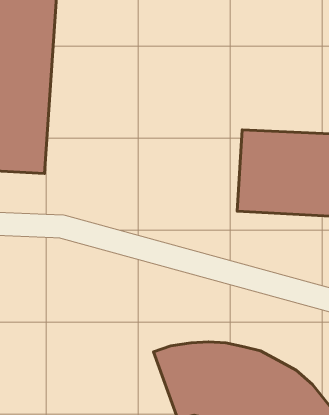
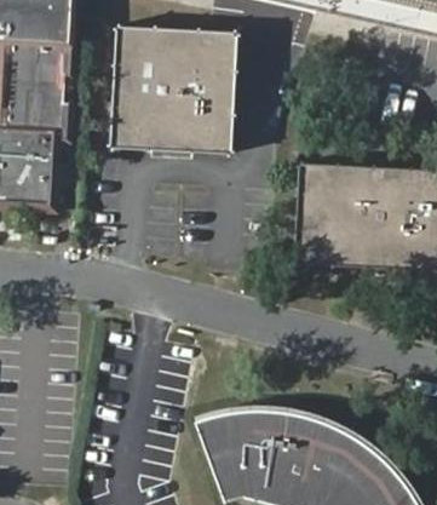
building: none -> [117,27,235,147]

